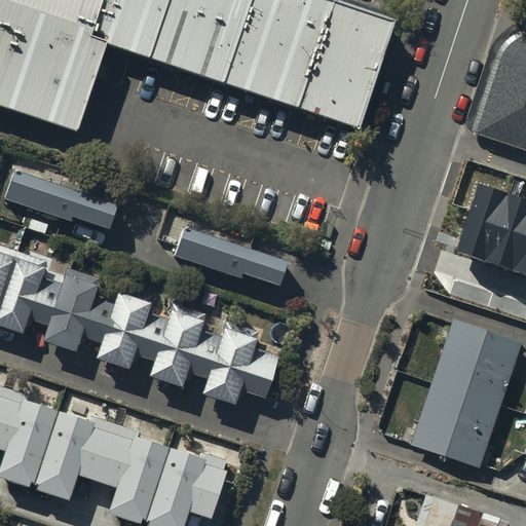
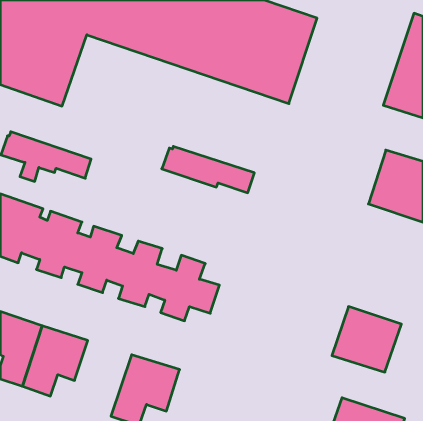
building: [170,225,285,283] -> [162,146,254,193]
building: [433,324,518,405] -> none
building: [92,425,163,519] -> none

